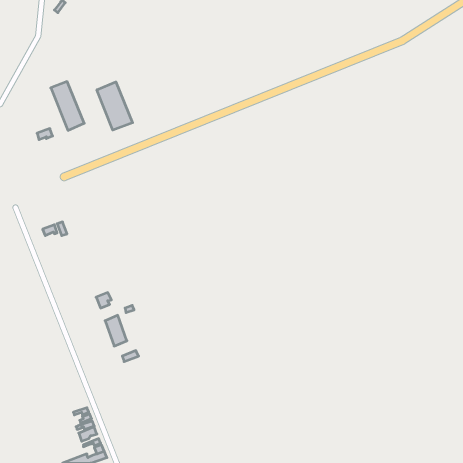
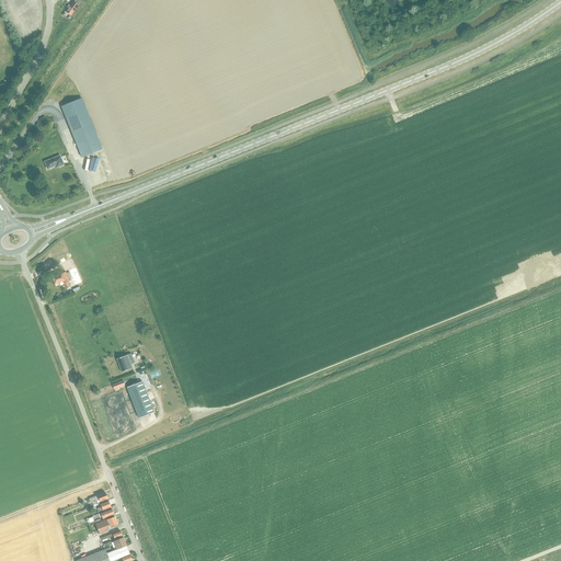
building: [97,82,133,130] -> none

